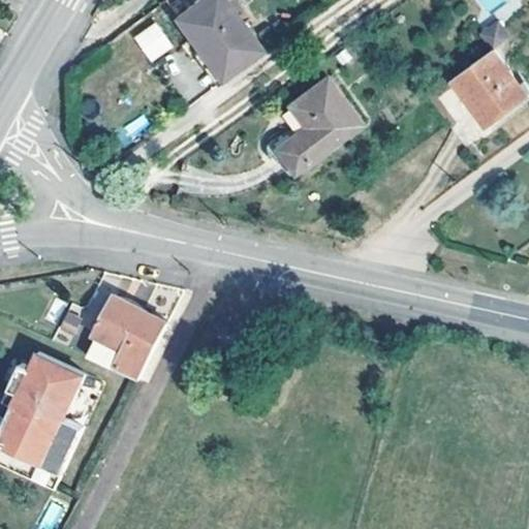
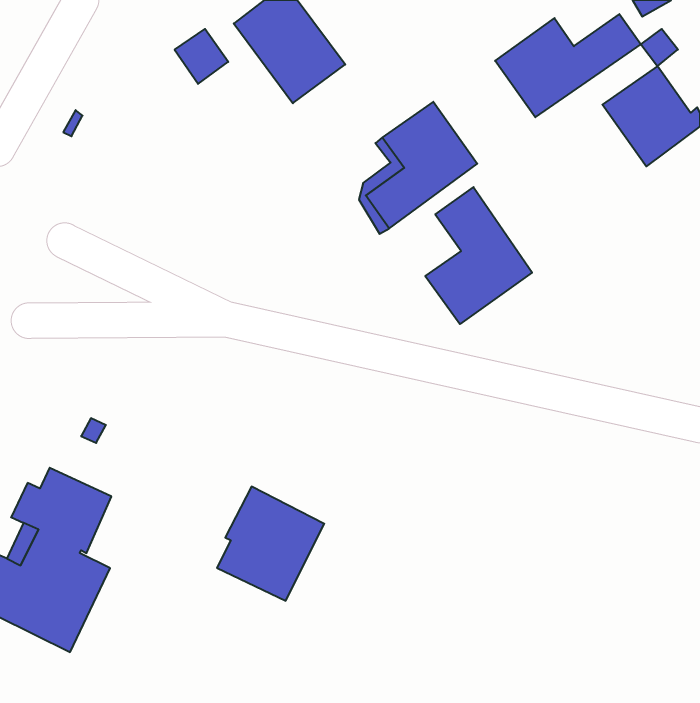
building: none -> [495,14,641,117]
building: none -> [425,187,532,324]
building: [86,294,166,380] -> [217,487,324,601]

